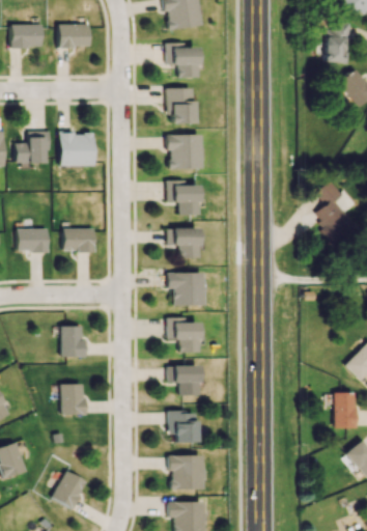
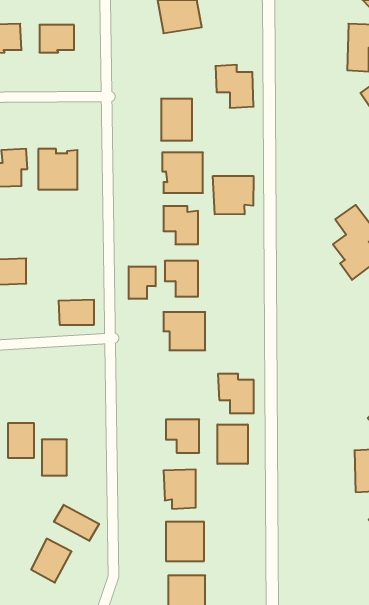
building: [165,41,198,79] -> [215,65,254,108]
building: none -> [213,176,253,214]
building: [64,226,95,248] -> [58,300,94,325]
building: none -> [129,266,156,299]
building: [168,317,199,352] -> [218,374,254,413]
building: [61,326,84,356] -> [8,423,34,458]
building: none -> [217,424,248,464]
building: none -> [54,505,99,541]

